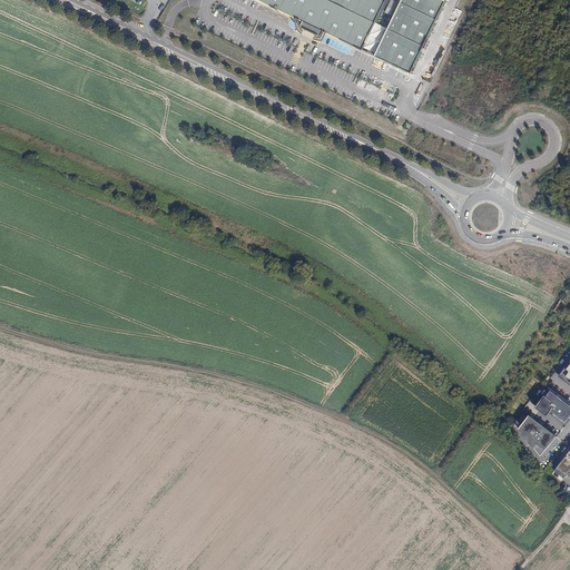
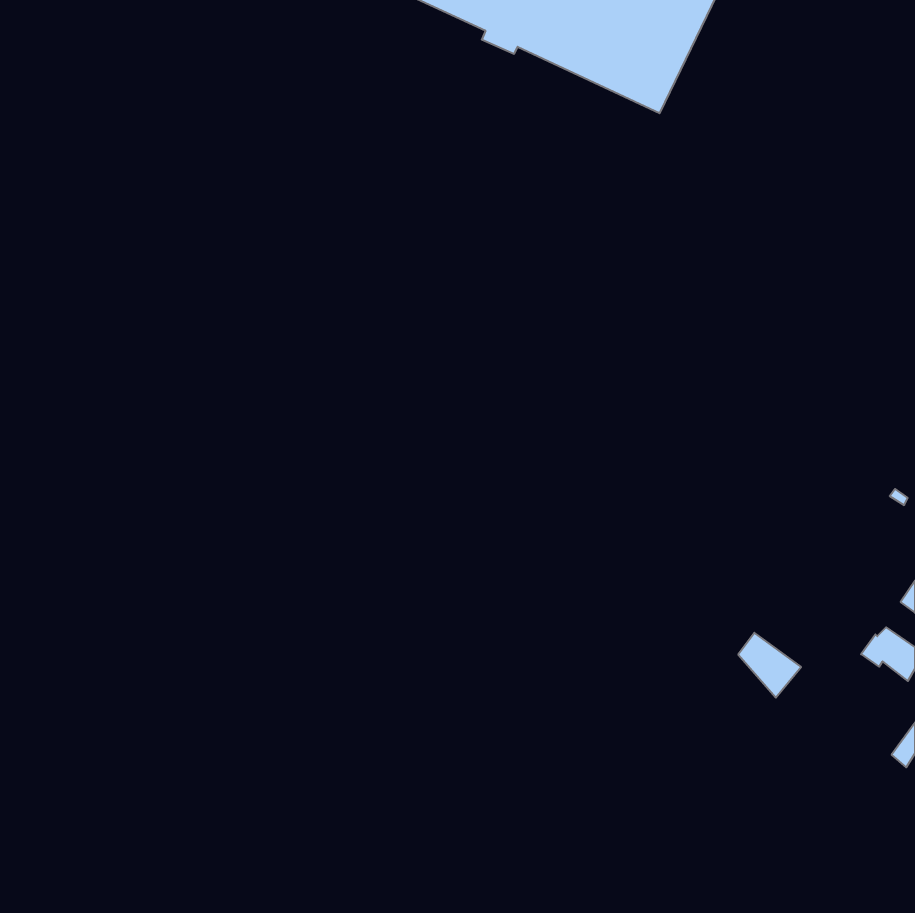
building: [515,413,554,453] -> [738,633,801,698]

